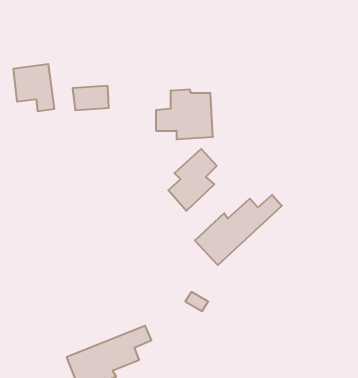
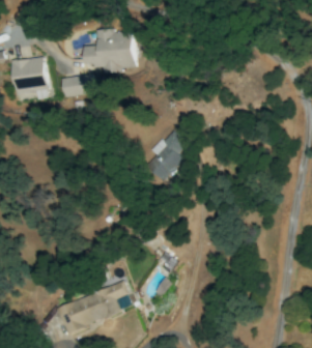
building: [156,90,213,139] -> [84,29,133,71]
building: [195,195,282,265] -> none

